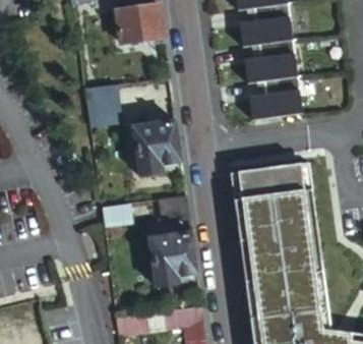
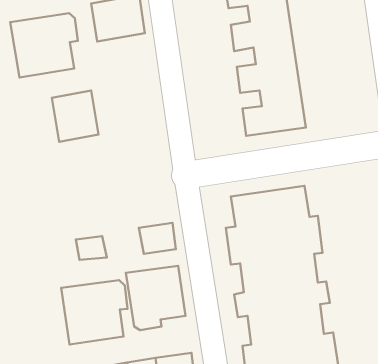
building: none -> [10,13,78,77]
building: [133,120,181,175] -> none
building: none -> [61,280,127,344]

